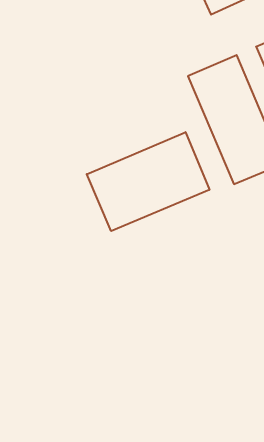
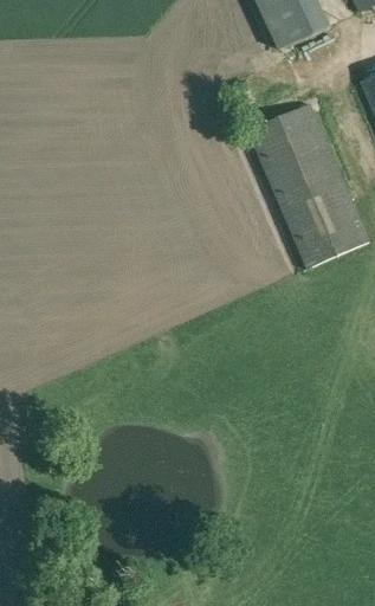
building: [87,132,209,231] -> none

